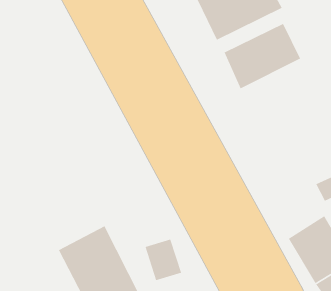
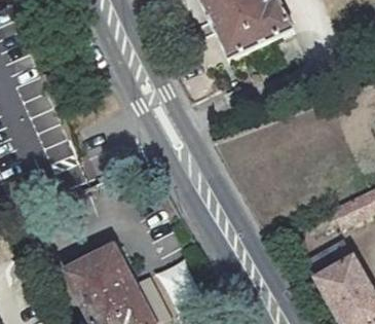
building: [224,23,301,89] -> none

